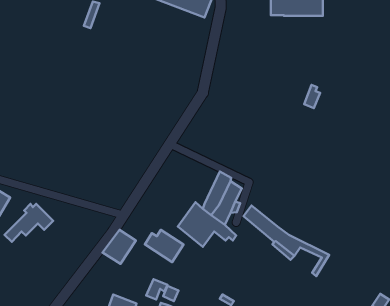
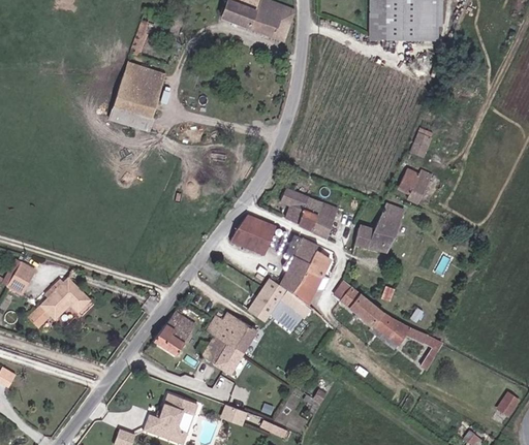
building: none -> [110,62,166,131]
building: none -> [398,168,432,203]
building: none -> [281,189,338,239]
building: none -> [354,204,404,252]
building: none -> [230,215,277,255]
building: none -> [201,331,243,374]

